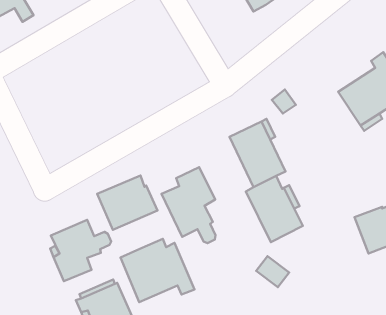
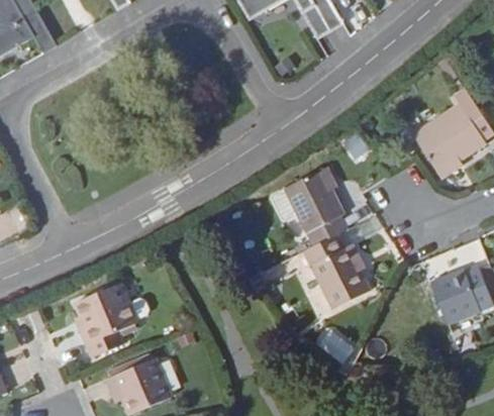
building: [161,167,216,243] -> none
building: [97,175,158,230] -> none
building: [120,239,194,302] -> none

